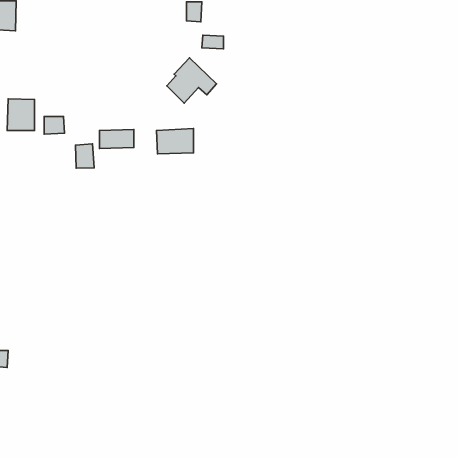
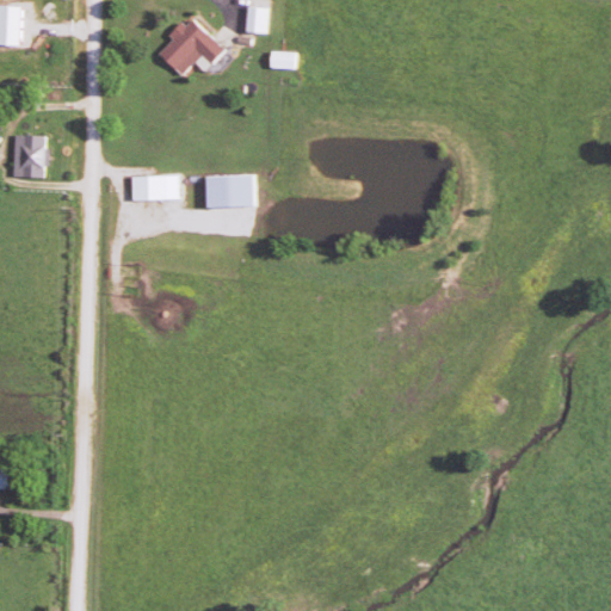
building: [167,58,217,103] -> [159,16,224,75]
building: [44,116,65,134] -> none
building: [76,144,94,168] -> none

